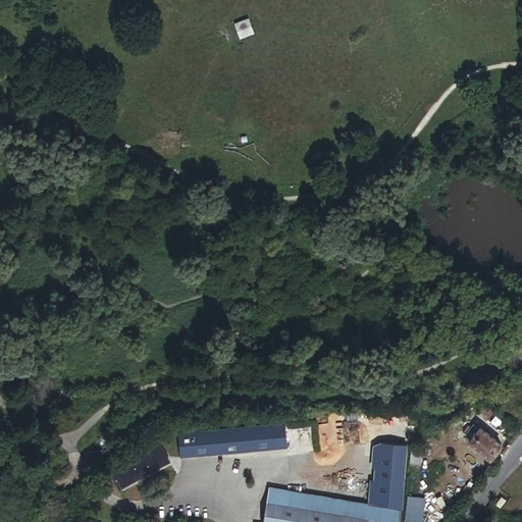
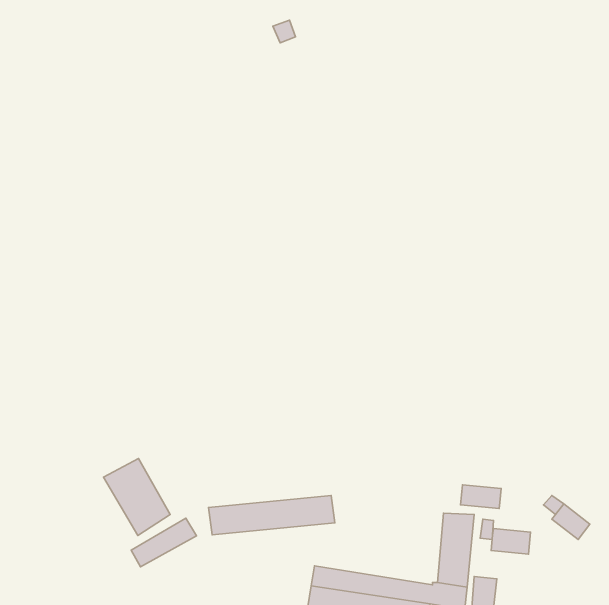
building: none -> [104,459,170,535]
building: none -> [461,485,501,509]
building: none -> [491,528,531,554]

